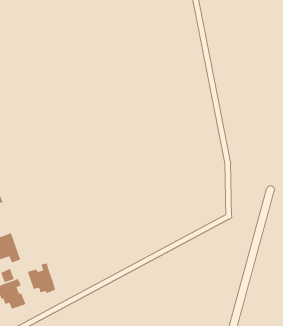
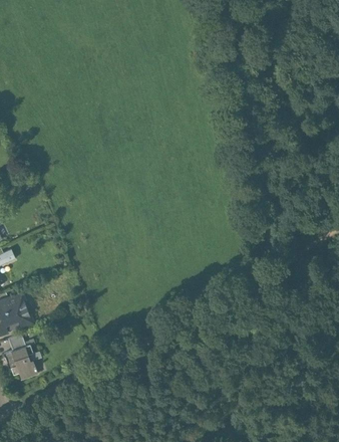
building: [27,263,56,294] -> none

